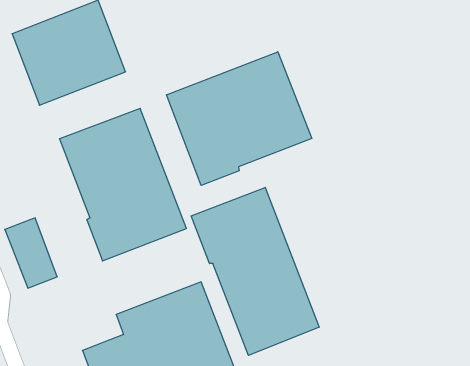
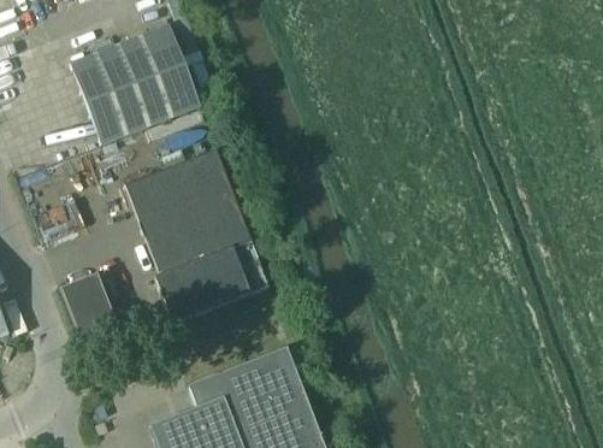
building: [166,52,312,185] -> none
building: [191,187,319,355] -> none

